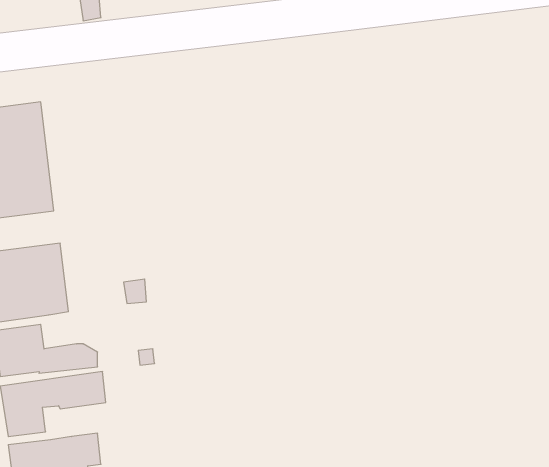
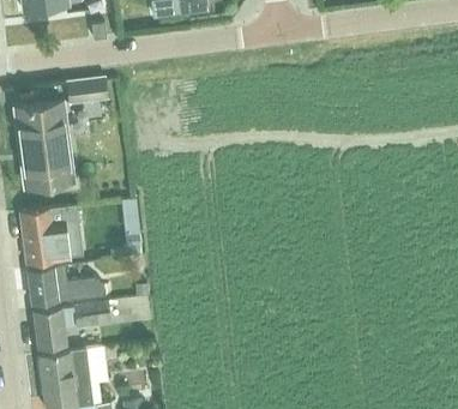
building: none -> [66,78,108,104]

